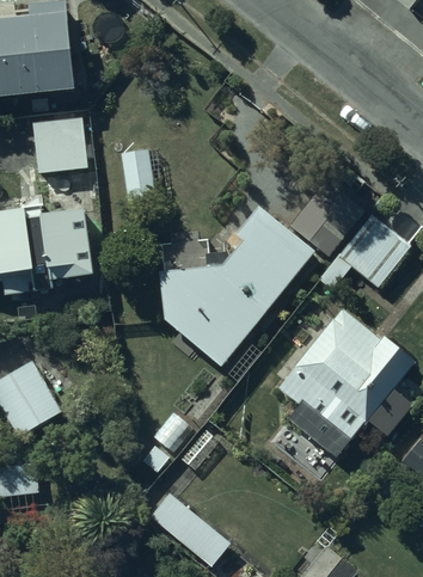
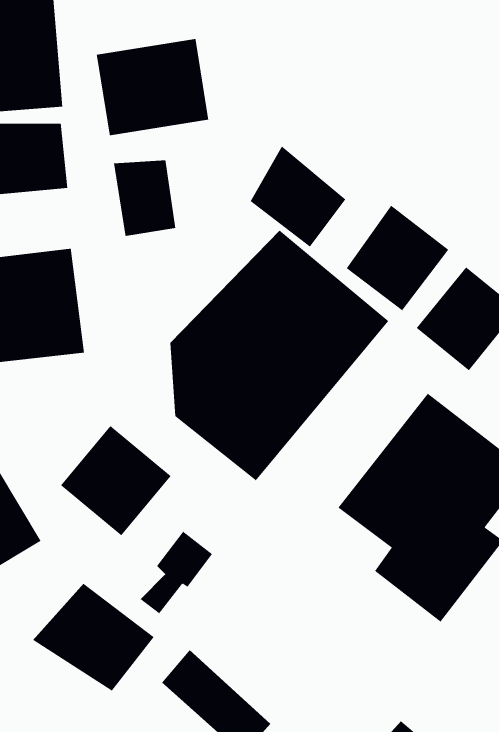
building: none -> [96,38,209,136]
building: none -> [250,145,346,248]
building: none -> [60,425,171,536]
building: none -> [32,583,154,691]

